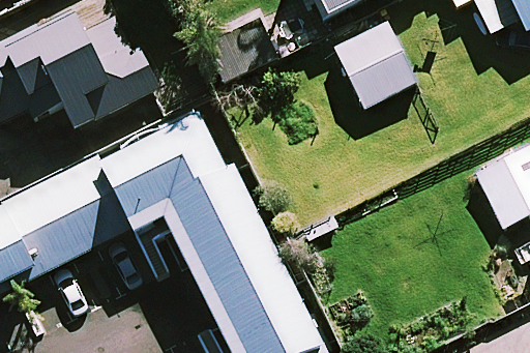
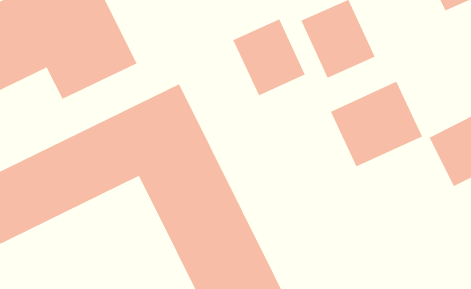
building: none -> [233,19,306,96]
building: none -> [330,81,423,167]

